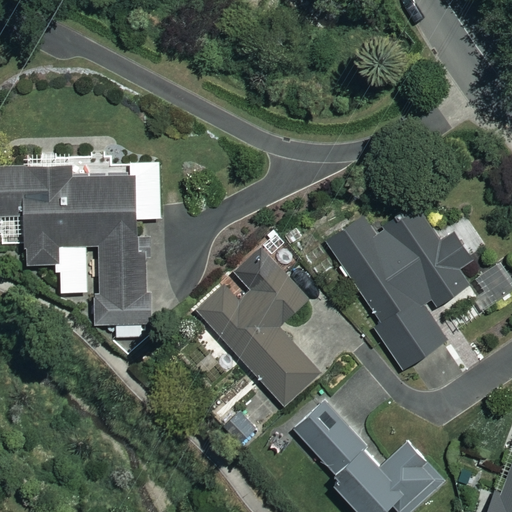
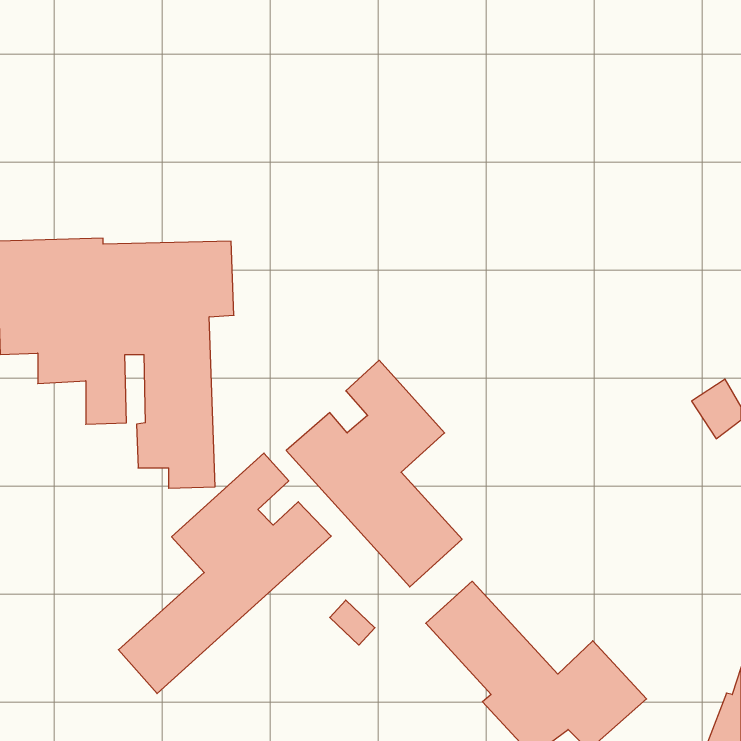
building: [325,204,470,370] -> none
building: none -> [118,453,331,694]

